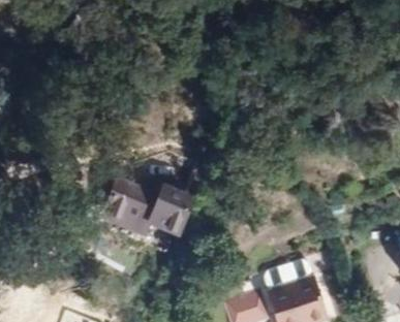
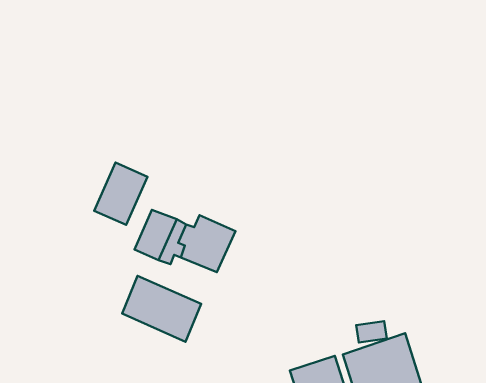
building: none -> [94,163,147,225]
building: none -> [122,276,201,342]

